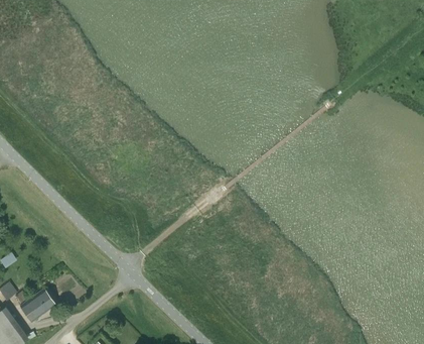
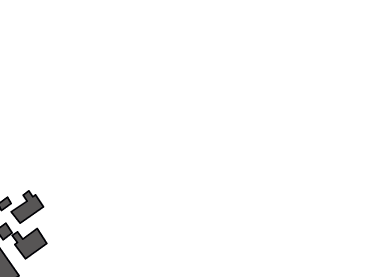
building: none -> [11,191,43,223]

